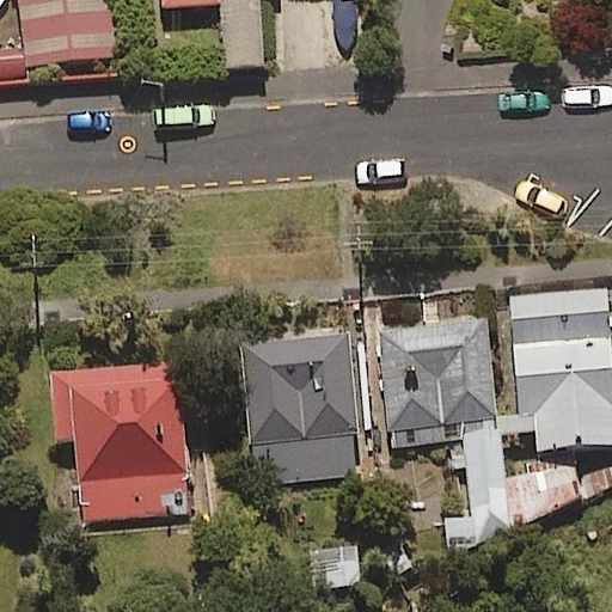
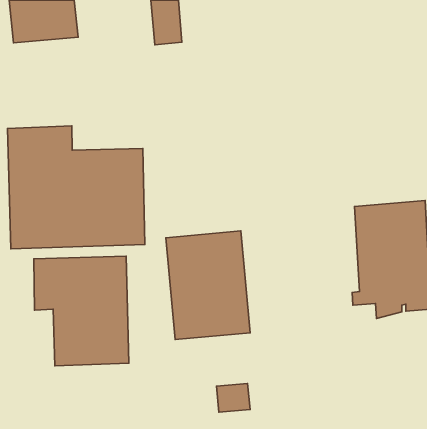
building: none -> [8,126,145,249]
building: [375,323,508,521] -> none

